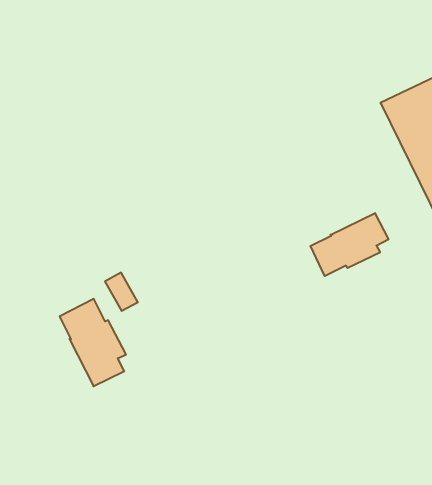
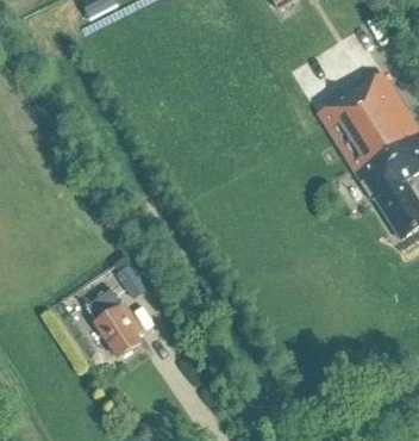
building: [310,213,388,276] -> none

